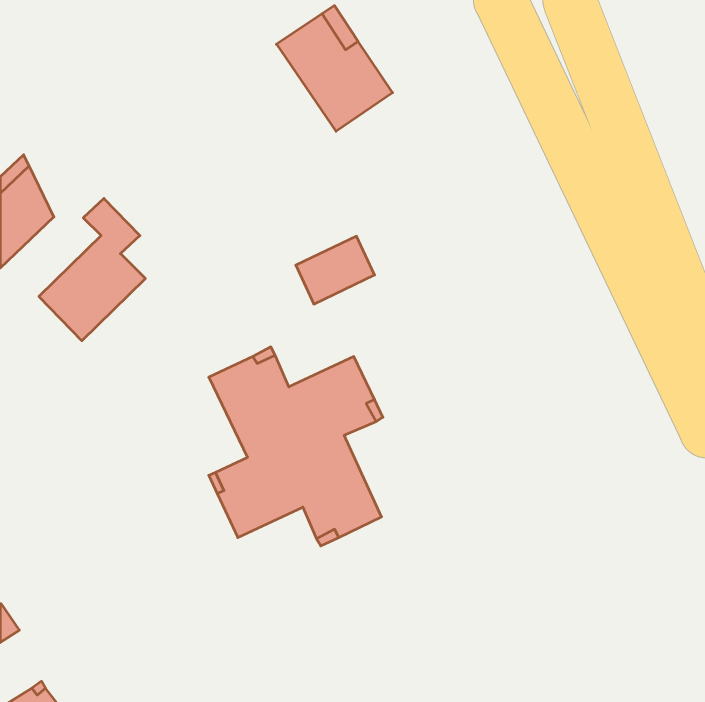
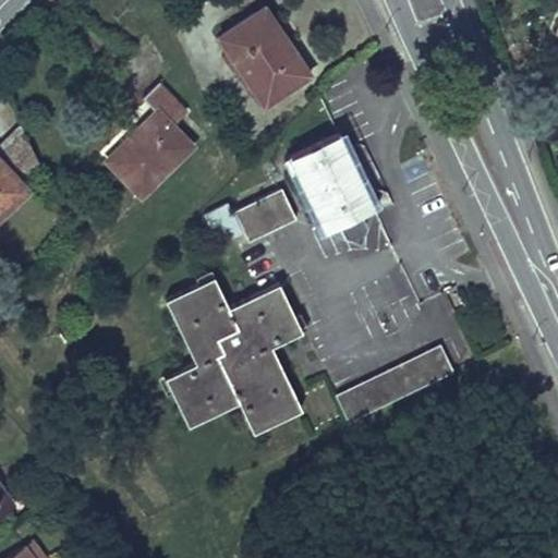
building: none -> [291,135,374,240]
building: [39,198,145,341] -> [108,84,192,196]
building: none -> [336,347,453,424]

